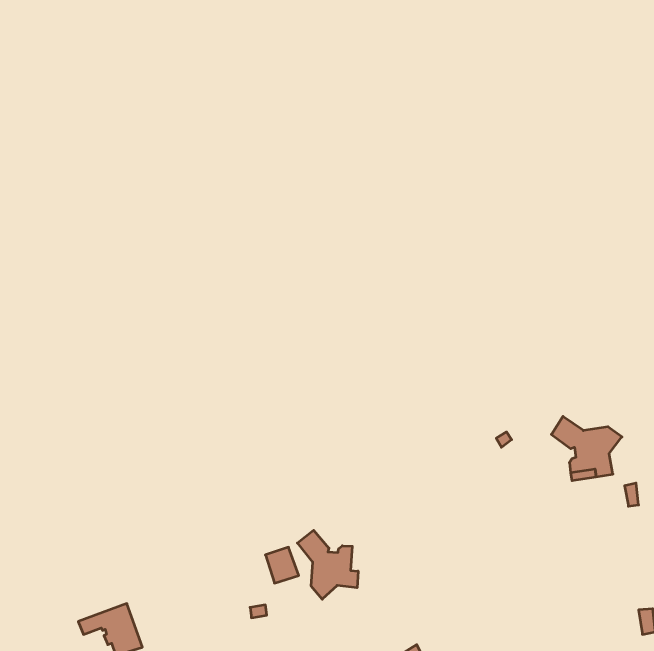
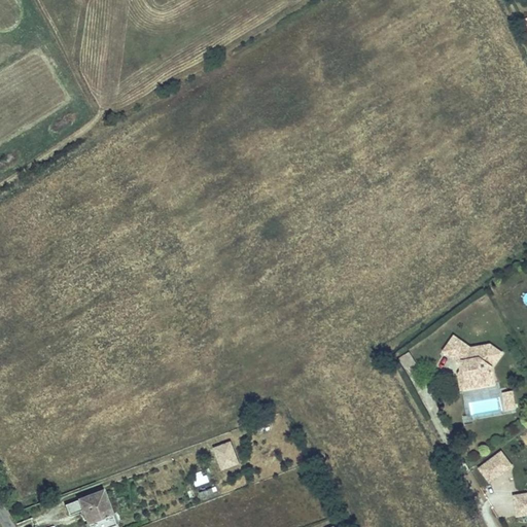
building: [297,530,358,599] -> none
building: none -> [480,451,511,481]

